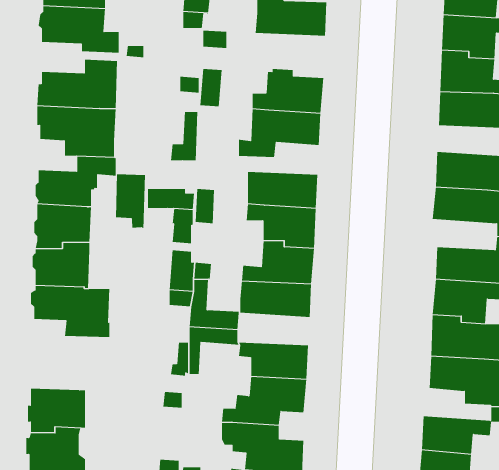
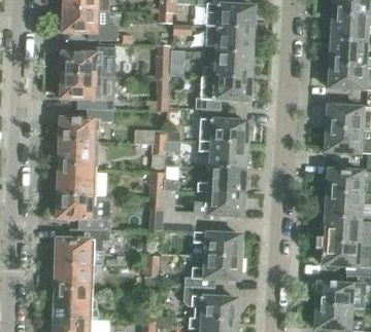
building: none -> [206,26,254,56]
building: [116,174,146,229] -> none
building: none -> [55,228,109,264]

